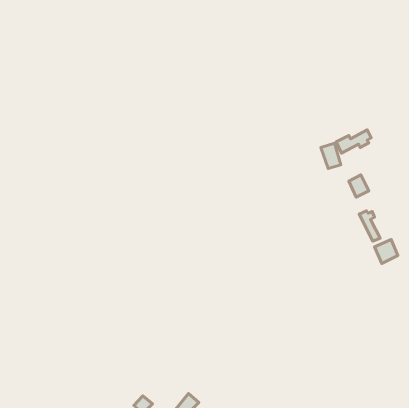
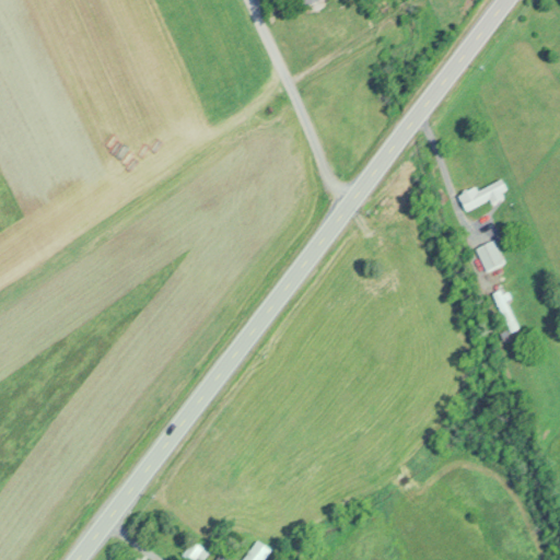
building: [321,143,341,168] -> none
building: [374,239,398,264] -> none

